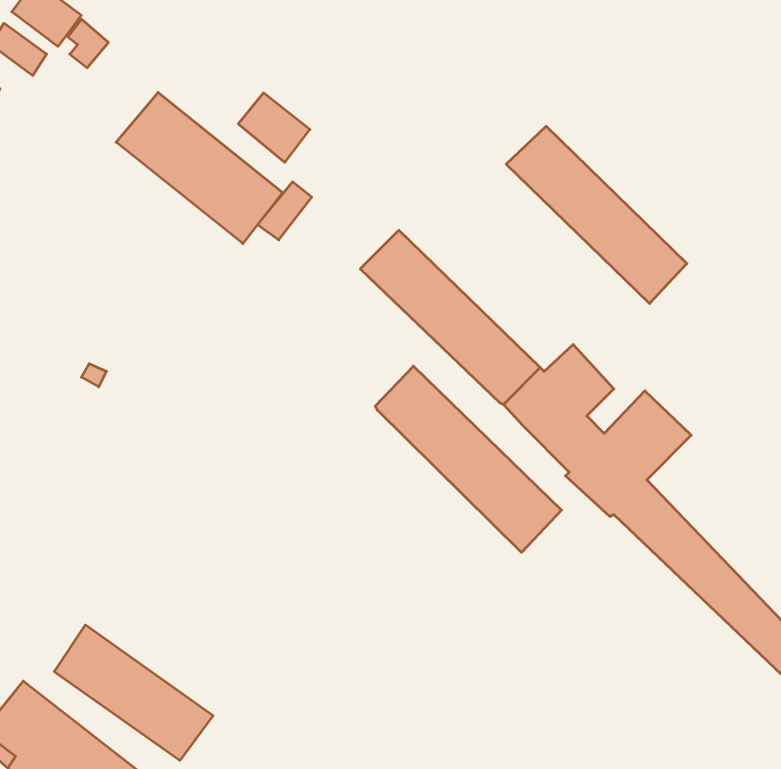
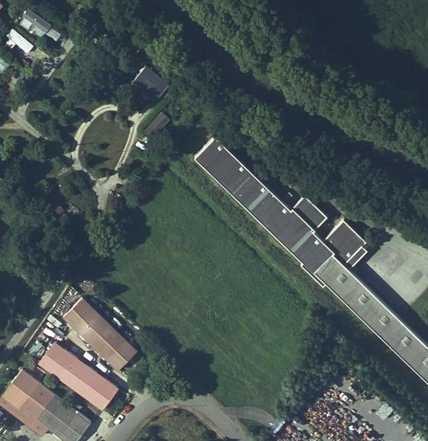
building: [116,92,282,244] -> none
building: [506,126,687,304] -> none
building: [375,366,562,552] -> none
building: none -> [63,296,136,368]

